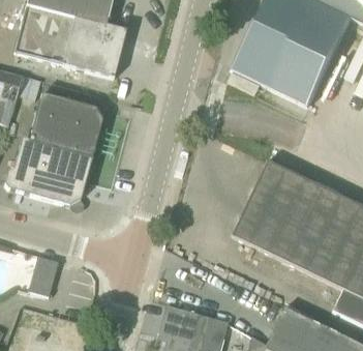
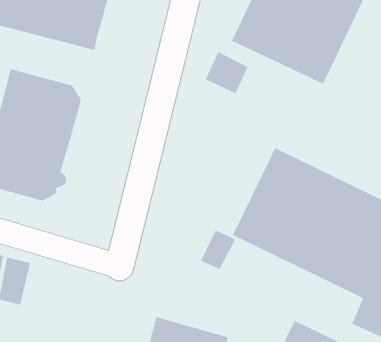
building: none -> [205,51,248,94]
building: none -> [200,230,236,270]

